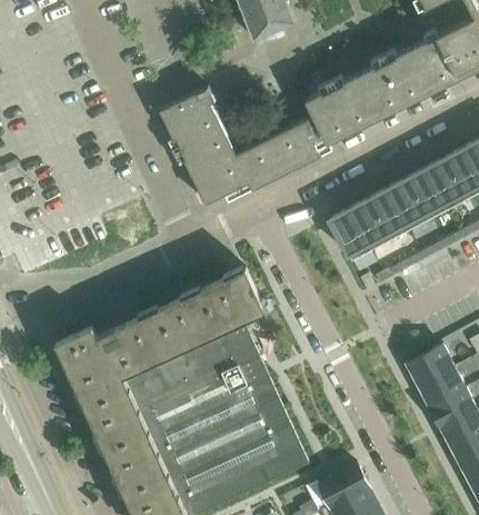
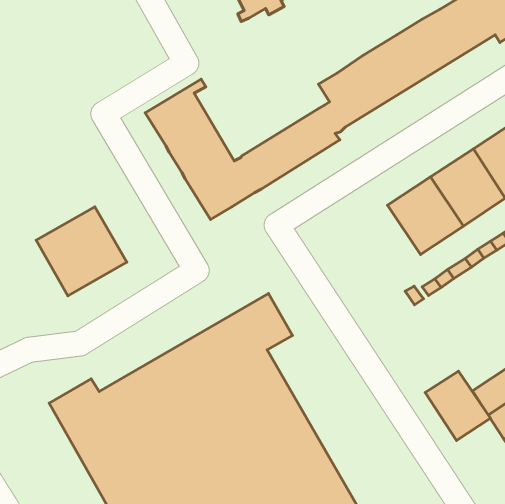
building: none -> [36,207,127,296]
building: [329,206,376,263] -> none
building: none -> [425,371,490,441]

